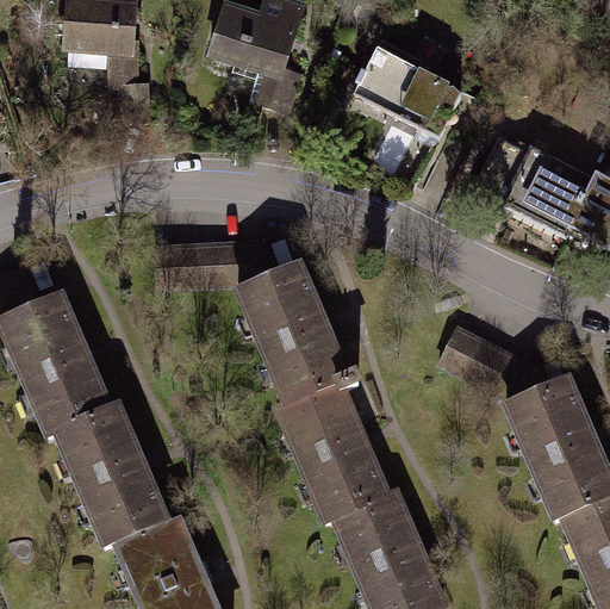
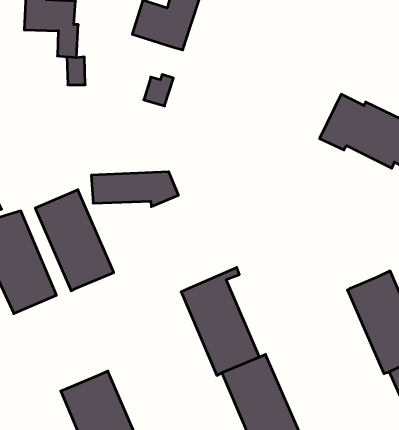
building: [354,42,461,141] -> none
building: [259,69,299,112] -> [144,75,173,106]
building: [238,266,347,404] -> none
building: [442,329,547,403] -> none
building: [58,409,166,547] -> [35,190,114,291]

